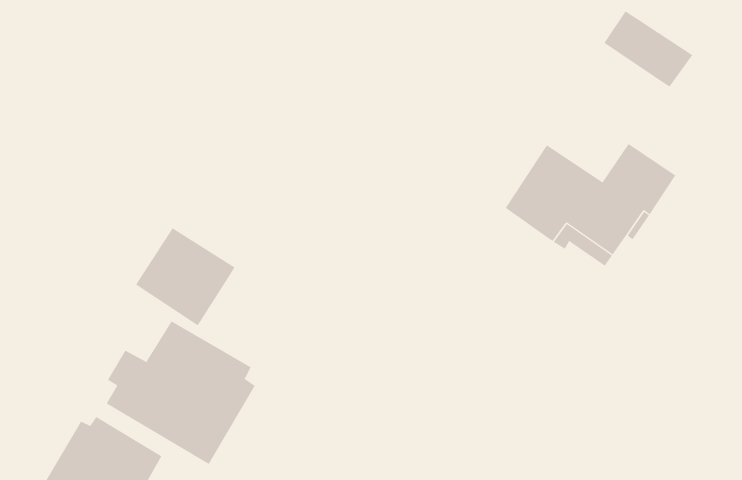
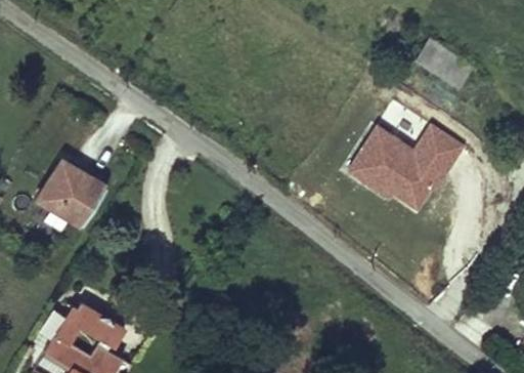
building: [135,227,235,326] -> [38,162,104,227]
building: [106,321,256,465] -> none

